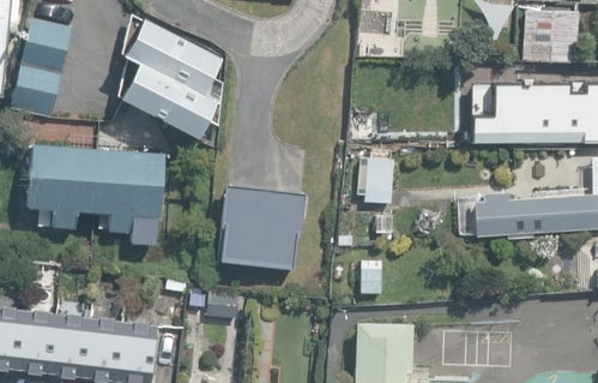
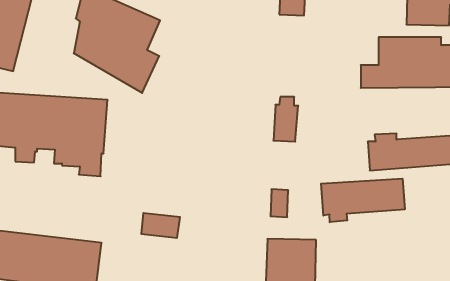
building: [221,186,303,270] -> none
building: none -> [321,179,405,222]

